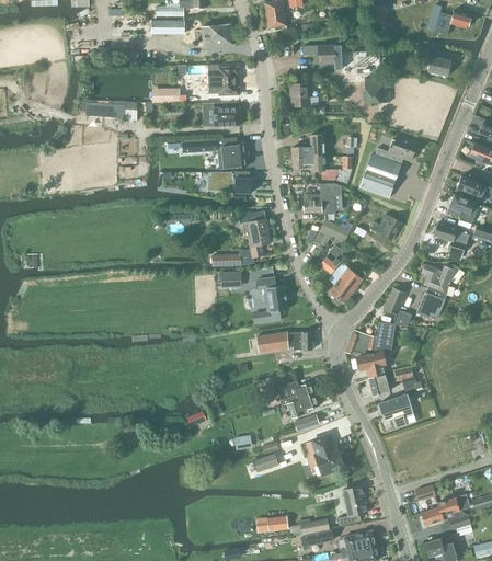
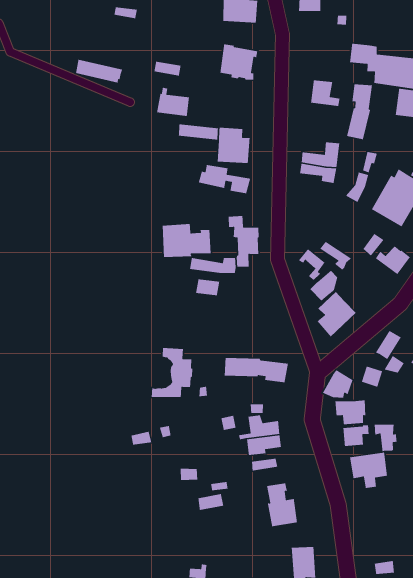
building: none -> [346,83,373,140]
building: [214,102,241,125] -> [156,87,190,117]
building: [305,183,341,213] -> none
building: none -> [162,223,212,258]
building: [253,276,287,323] -> [151,347,193,398]

